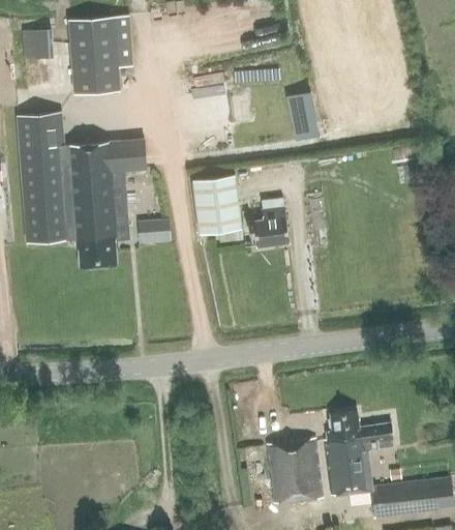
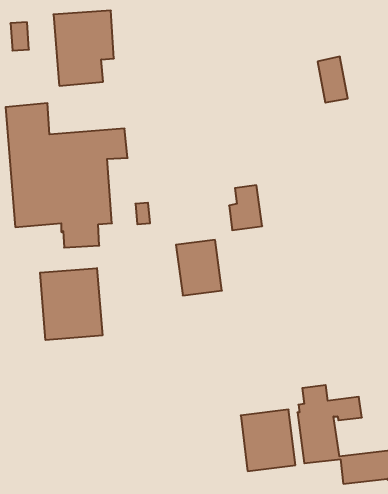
building: [286,91,318,140] -> [318,57,348,103]
building: [192,174,241,233] -> [176,240,222,295]
building: none -> [40,268,102,340]

